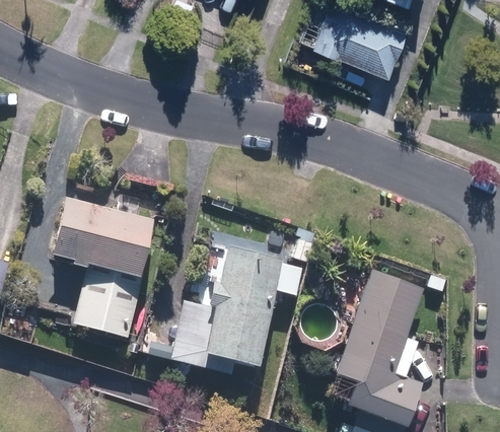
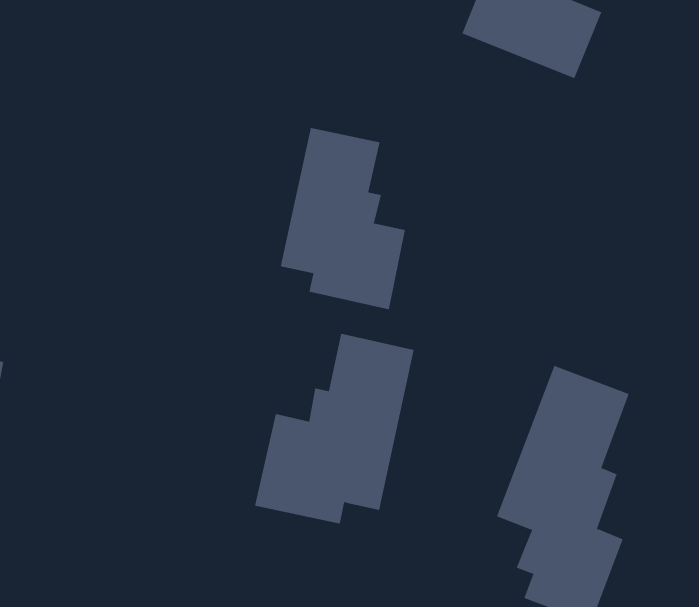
building: none -> [280,127,406,310]
building: [52,204,154,339] -> none

